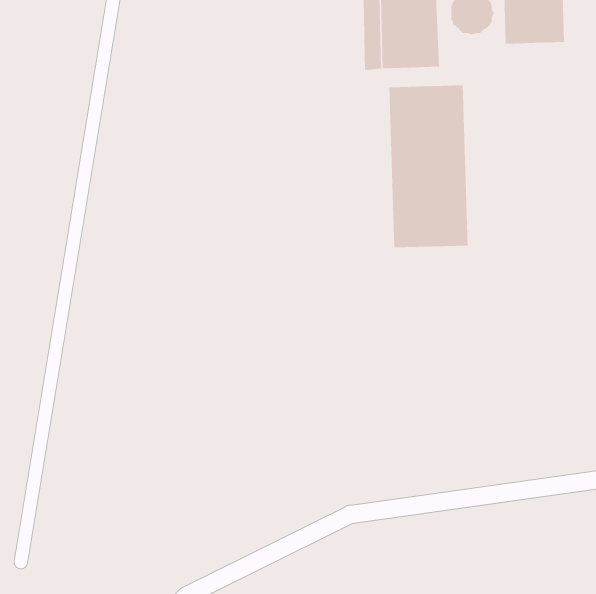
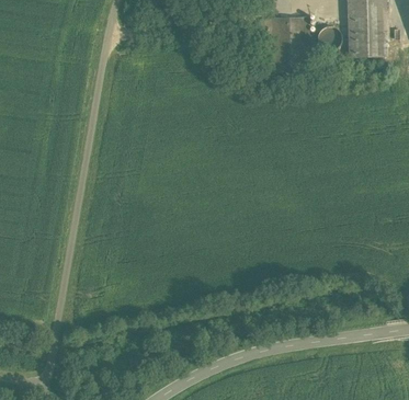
building: [389,85,468,248] -> none

